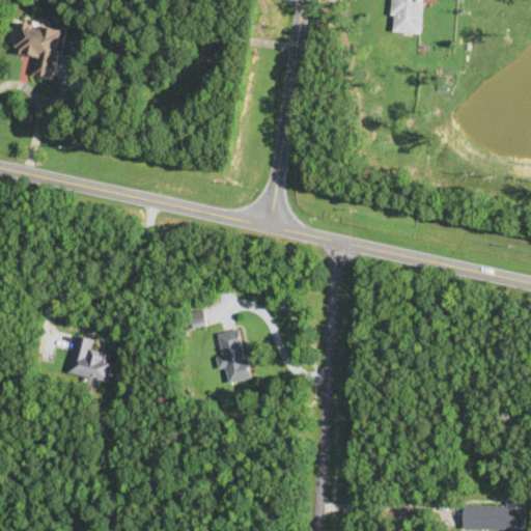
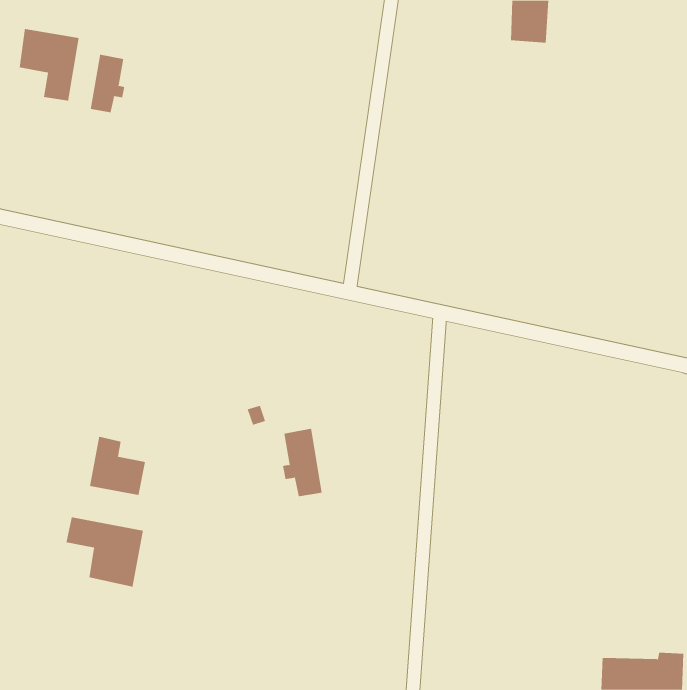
building: none -> [90,54,125,113]
building: none -> [66,517,144,588]

